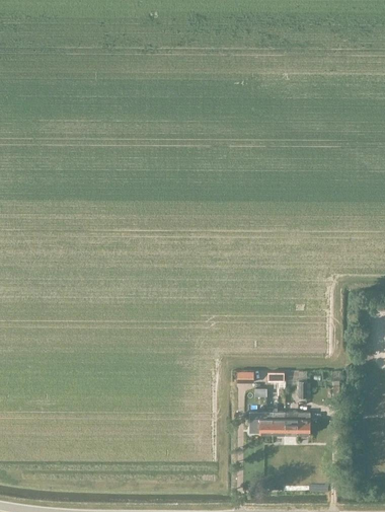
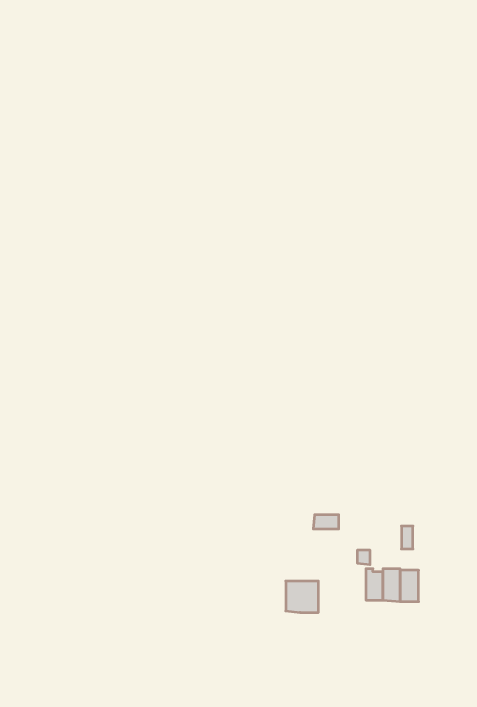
building: [250,412,274,434] -> [286,581,318,612]

